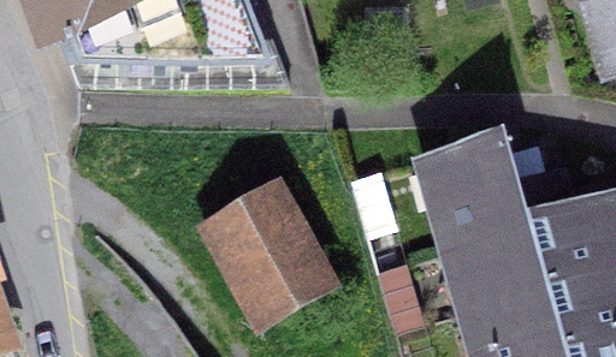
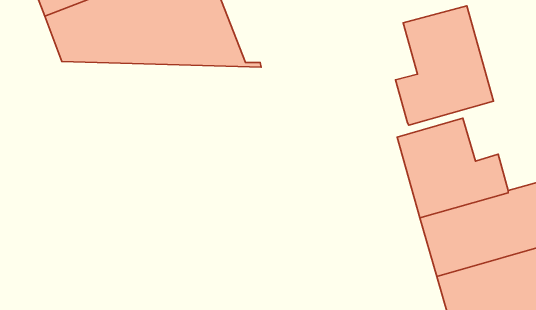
building: none -> [395,6,494,125]
building: [211,183,321,303] -> none

